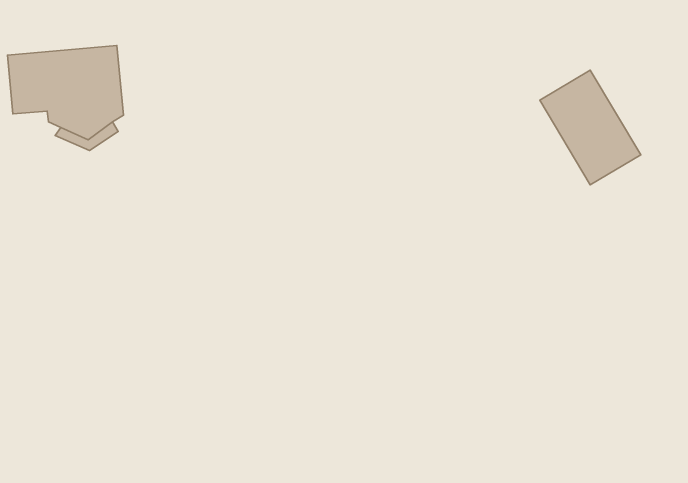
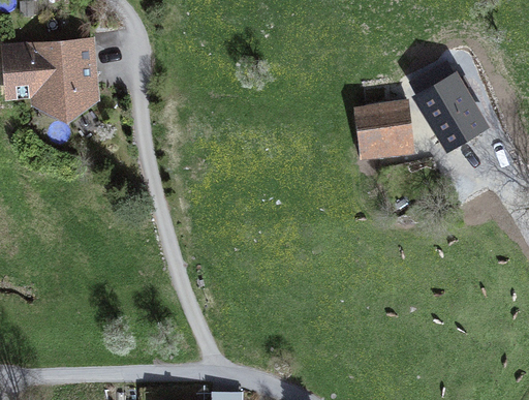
building: none -> [354,101,413,158]

